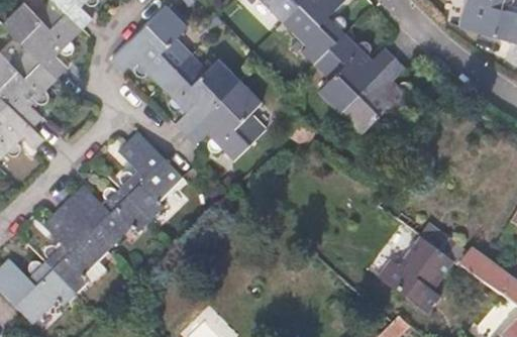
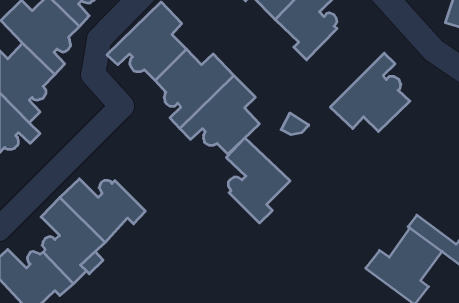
building: [315,31,395,112] -> none
building: [115,131,181,219] -> [226,138,290,223]

